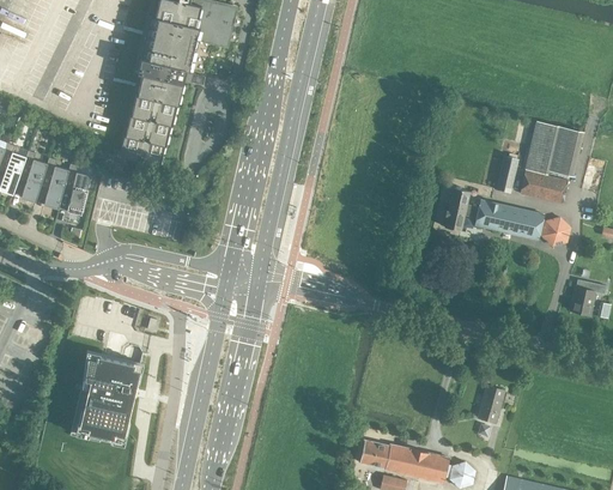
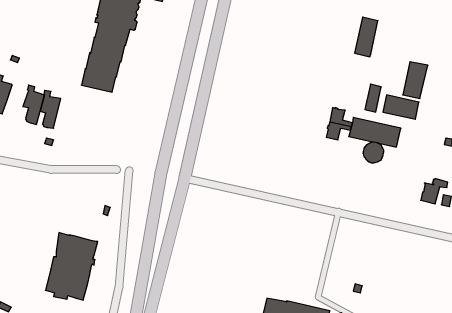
building: [524,121,556,174] -> [355,17,378,57]
building: [19,150,48,202] -> none
building: [544,219,571,247] -> [363,142,384,163]
building: [478,385,504,422] -> none

